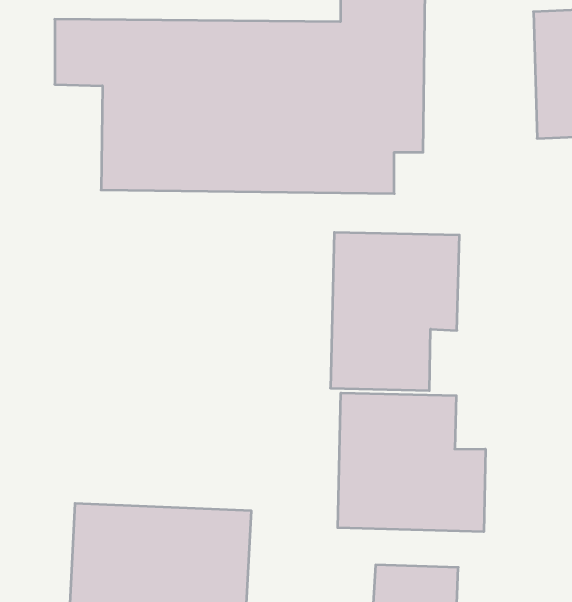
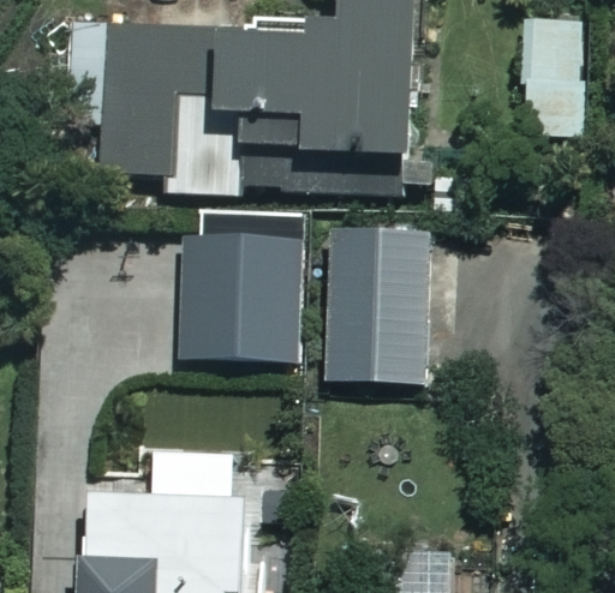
building: none -> [174,222,301,361]
building: [338,393,485,532] -> none

